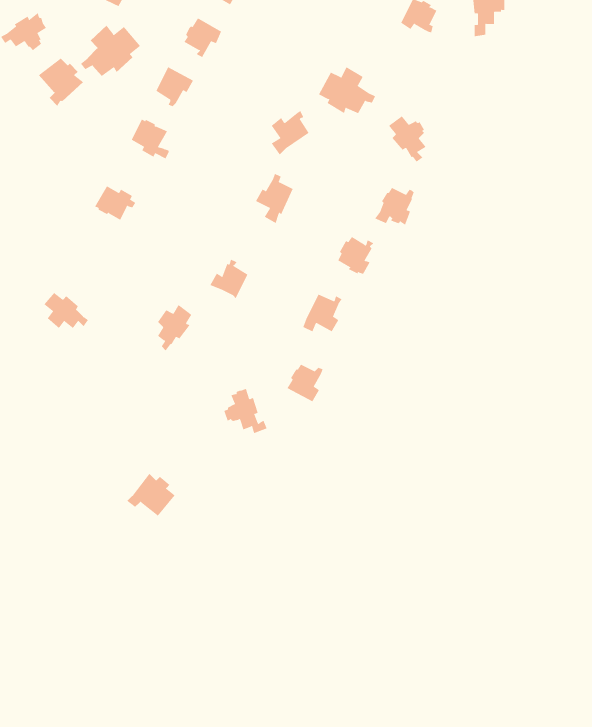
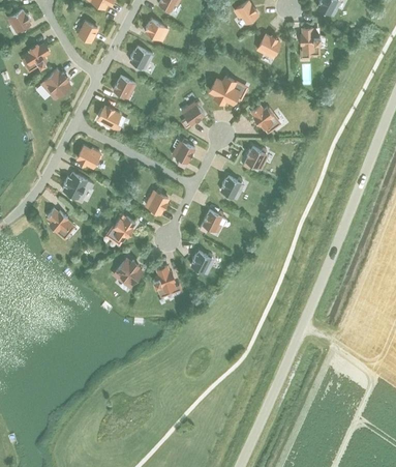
building: [80,25,141,77] -> none
building: none -> [62,173,91,199]
building: [127,473,176,516] -> [113,258,142,284]

